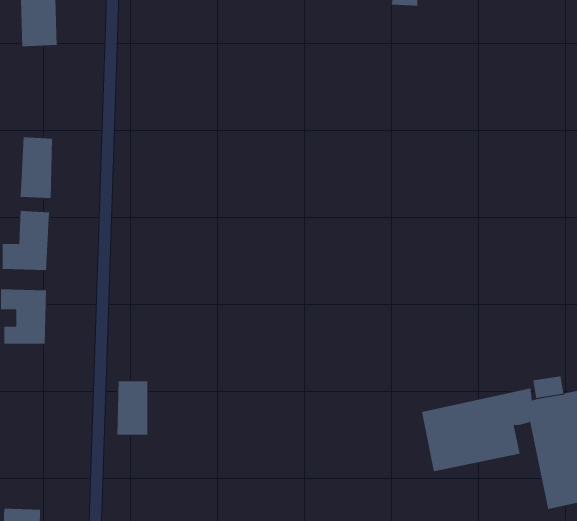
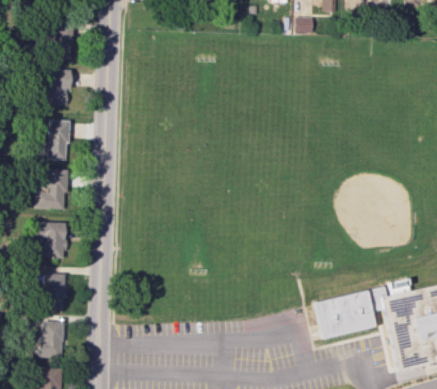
building: none -> [44,68,72,103]
building: [116,381,148,435] -> [44,272,65,308]
building: none -> [39,320,64,357]

